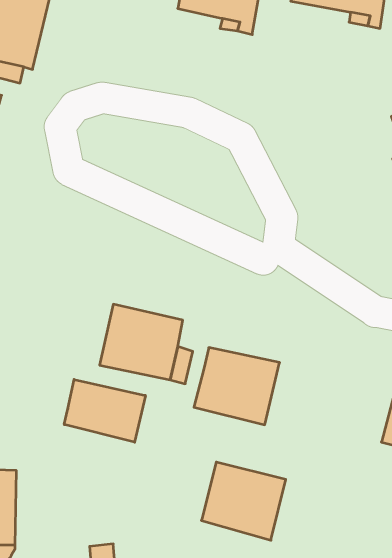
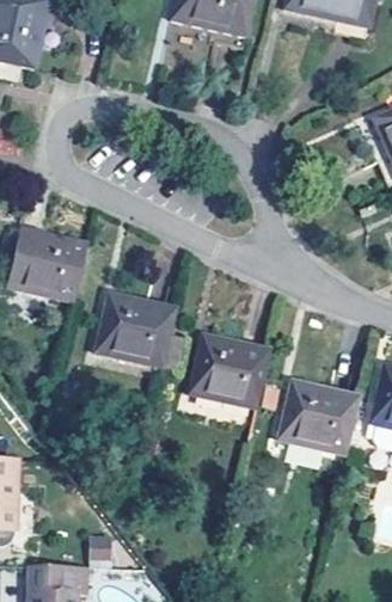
building: none -> [8,226,90,301]
building: [64,379,145,442] -> none
building: [201,462,286,540] -> [276,385,357,460]

